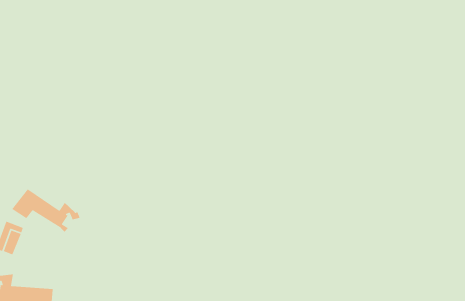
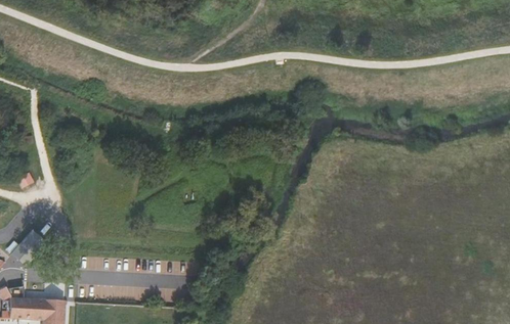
building: [11,188,81,232] -> none

